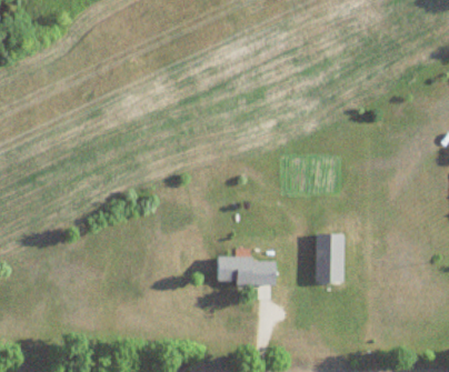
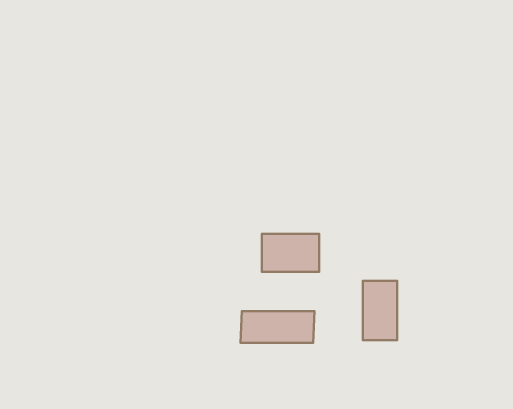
building: none -> [262,234,319,272]

